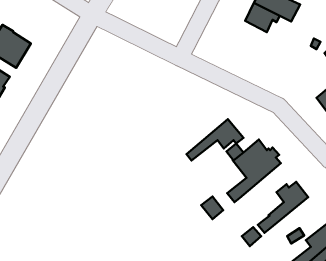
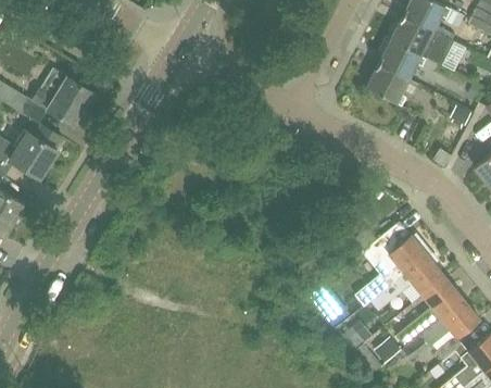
building: none -> [366,62,408,104]
building: [187,119,243,161] -> [372,252,448,308]
building: none -> [404,298,480,358]

